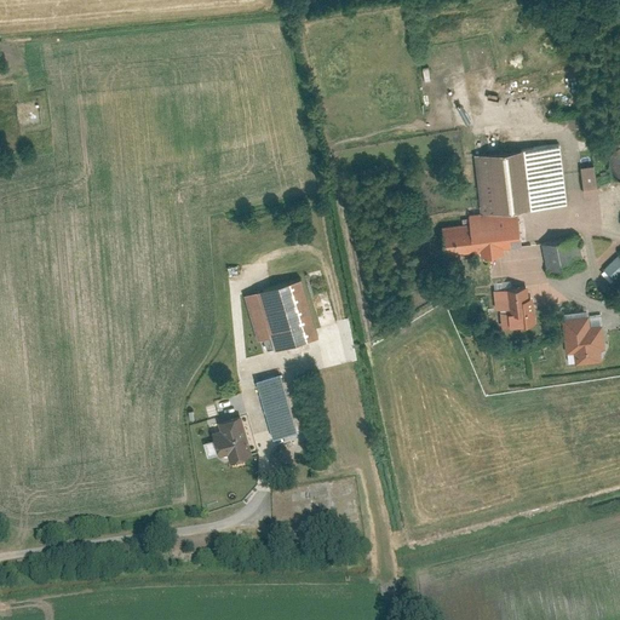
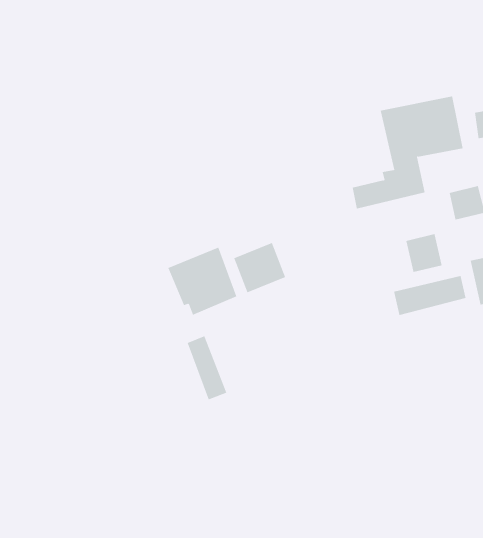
building: none -> [233,242,286,293]
building: none -> [393,275,466,316]
building: [211,423,251,469] -> none

